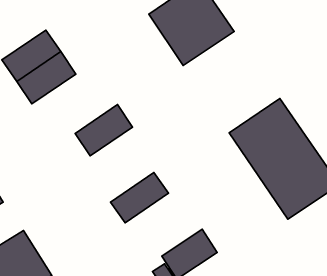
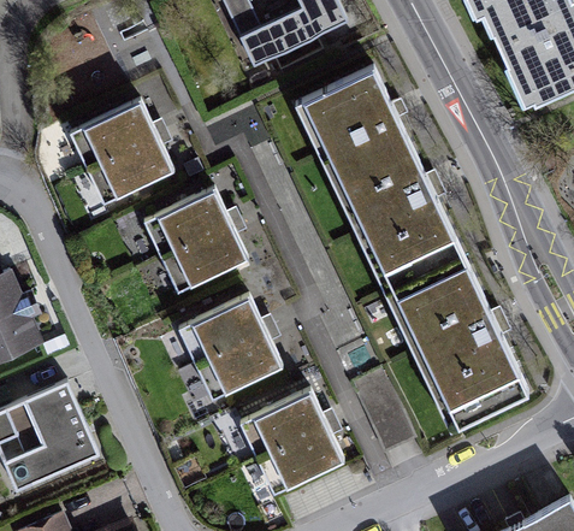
building: none -> [333,143,467,290]
building: none -> [143,188,229,256]
building: none -> [181,297,266,365]
building: none -> [243,390,324,455]

